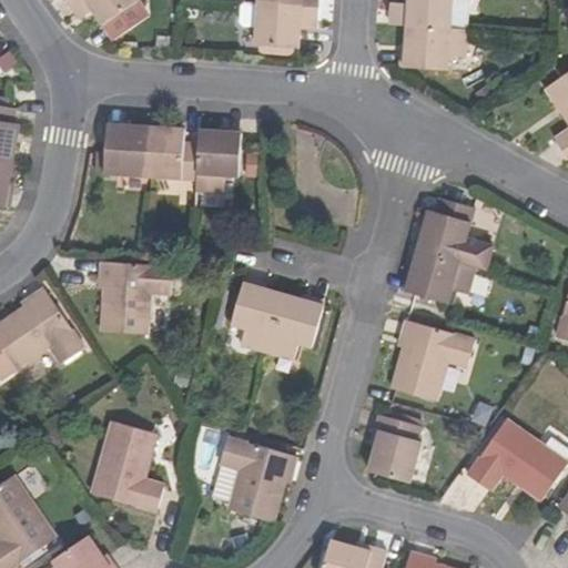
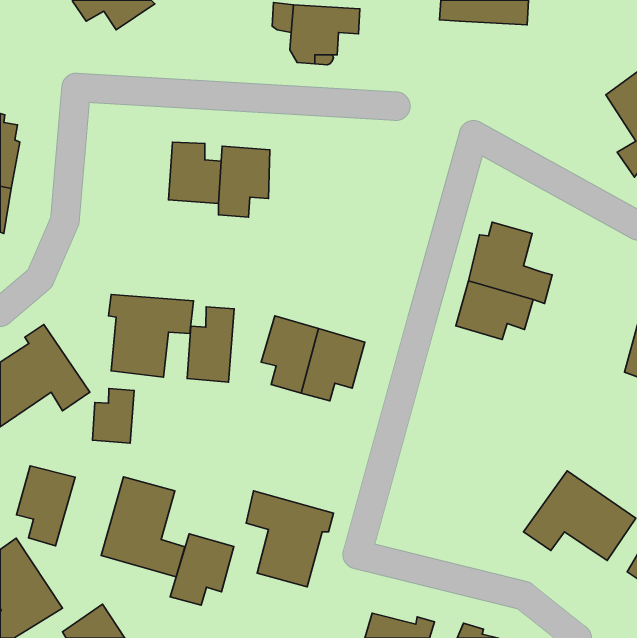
building: [407,19,471,63] -> none
building: [103,124,154,178] -> none
building: none -> [187,307,234,382]
building: [388,322,474,403] -> none
building: none -> [92,389,134,443]
building: none -> [17,466,75,546]
building: [366,416,419,481] -> none
building: none -> [170,534,234,605]

